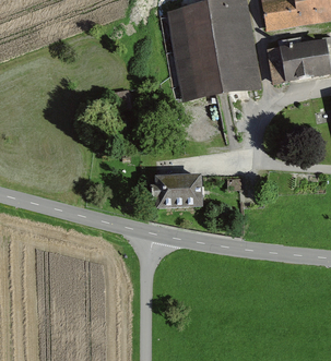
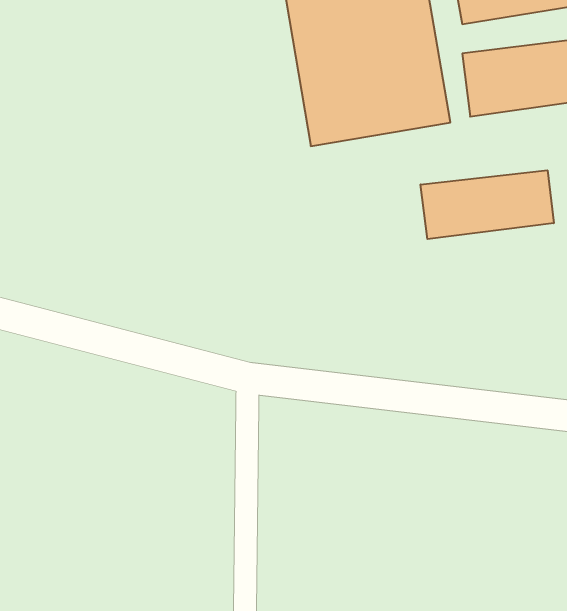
building: none -> [421,170,554,239]
building: [155,172,203,207] -> none

